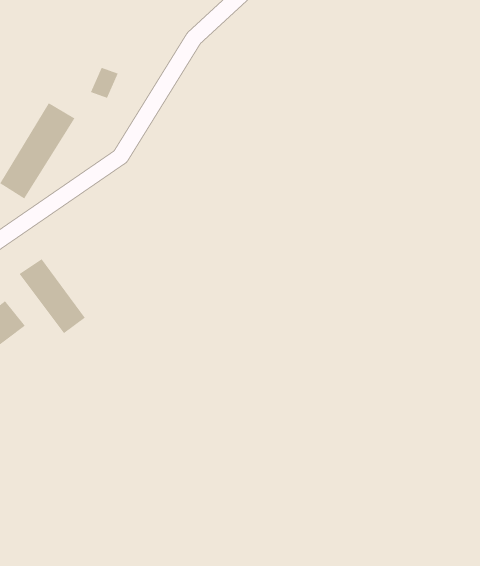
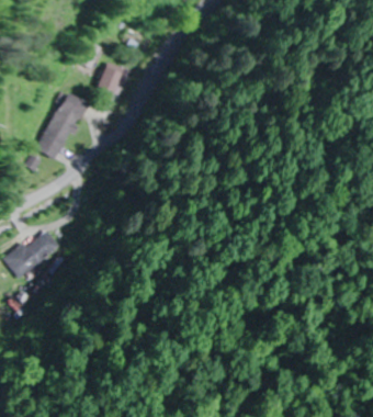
building: [19,258,86,334] -> none

